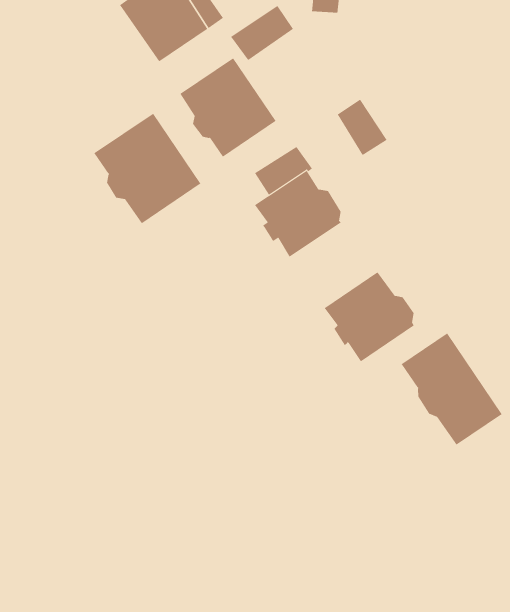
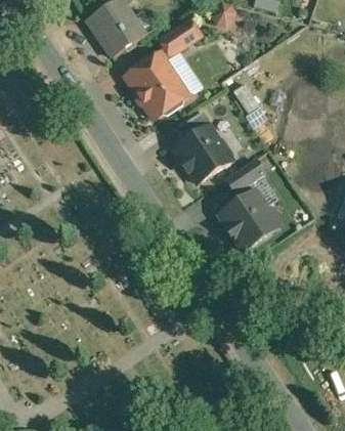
building: [94,113,201,224] -> none
building: none -> [226,159,265,193]
building: [401,333,503,446] -> none

